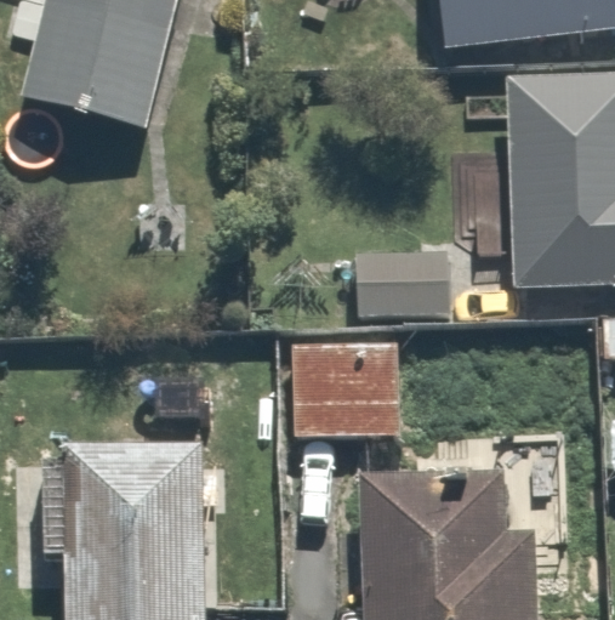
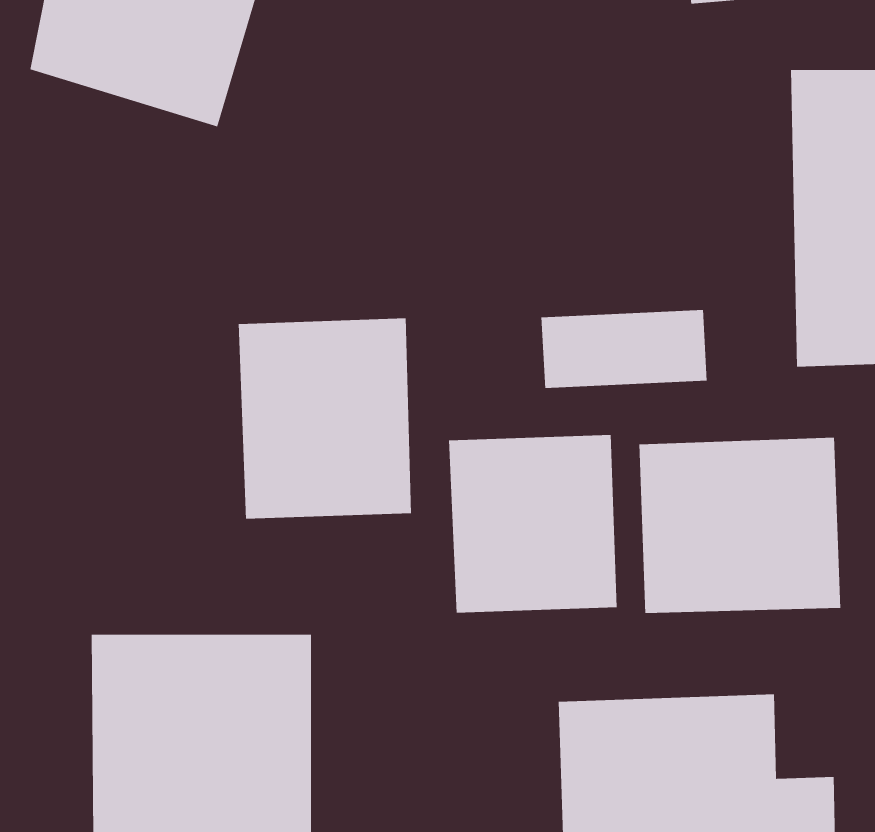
building: none -> [238,318,411,519]
building: none -> [639,437,841,614]

